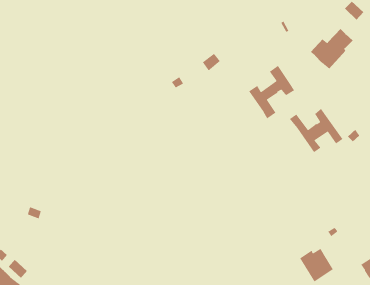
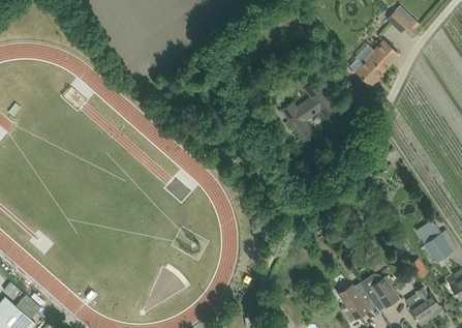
building: [289,108,344,153] -> none
building: none -> [362,273,399,306]

